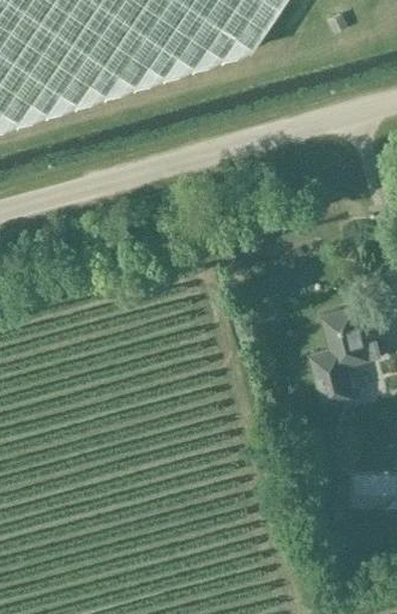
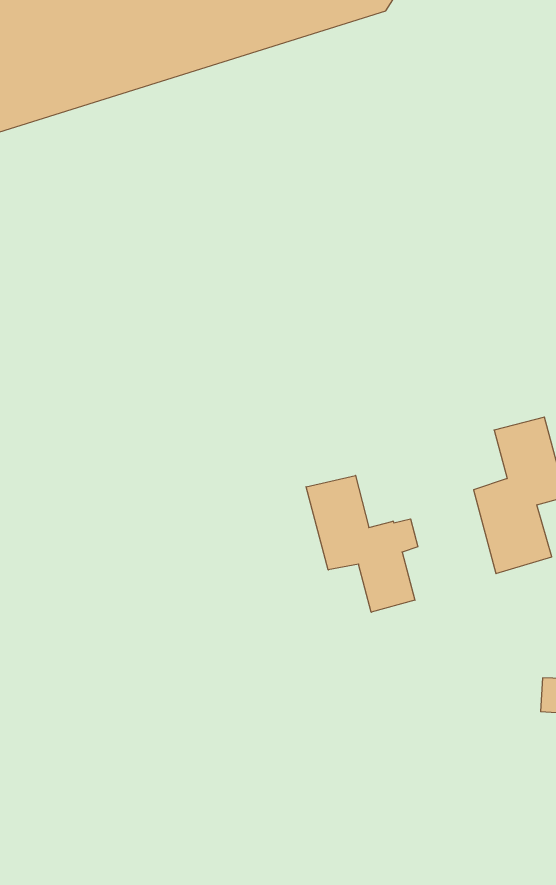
building: none -> [306,475,418,612]

